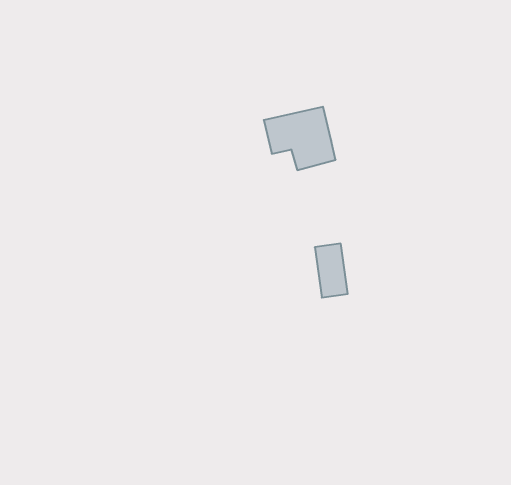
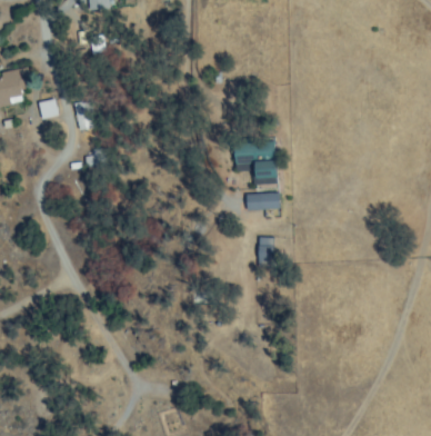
building: none -> [245,190,280,215]

